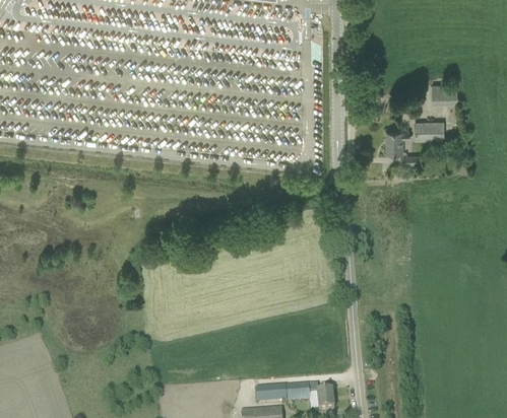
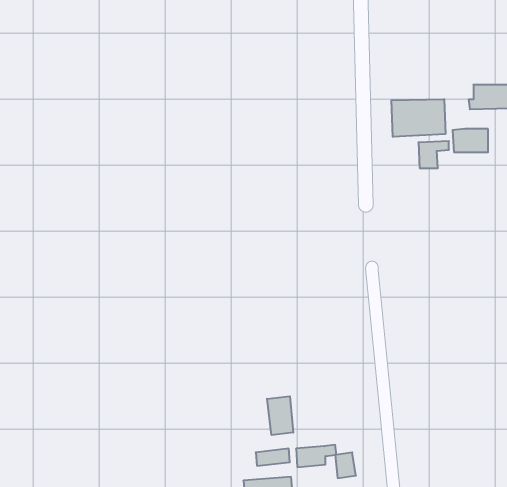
building: none -> [391,99,445,137]
building: none -> [267,396,293,435]

